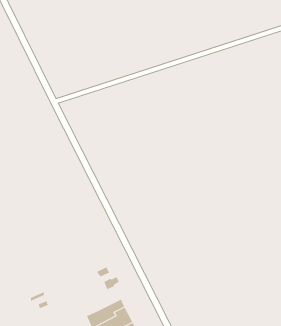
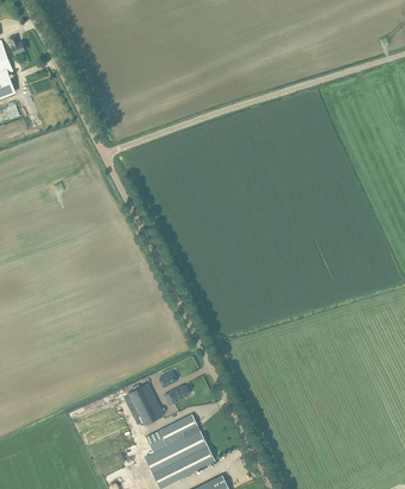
building: none -> [128,383,163,424]

